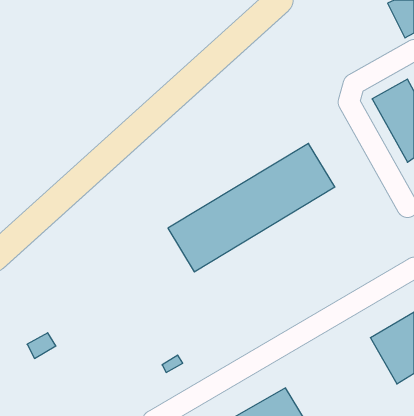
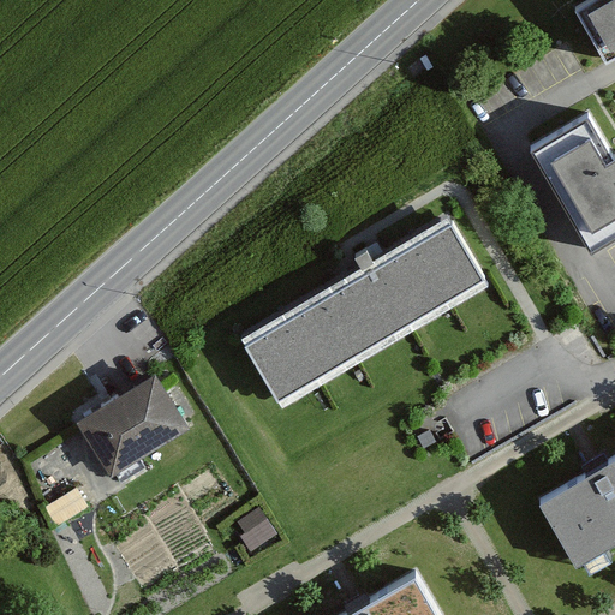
building: none -> [72,374,192,479]

